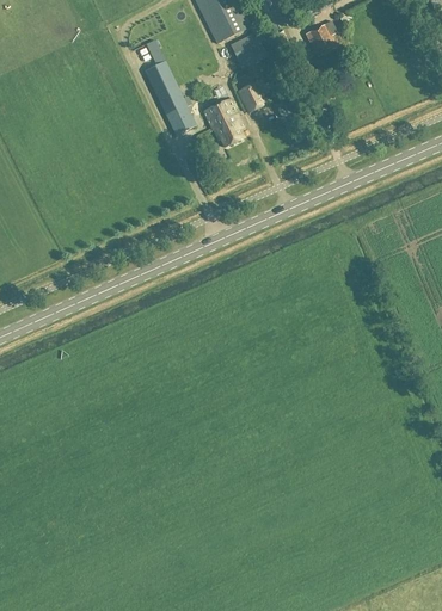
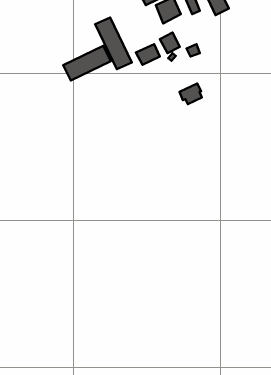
building: none -> [63,46,111,80]
building: [210,113,243,143] -> [180,84,202,104]

